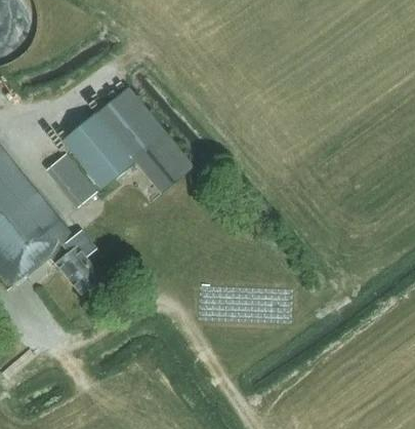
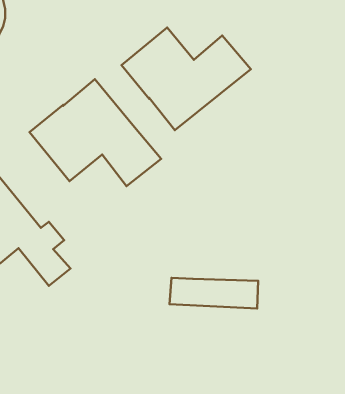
building: none -> [121,28,251,130]
building: [47,153,97,208] -> none

